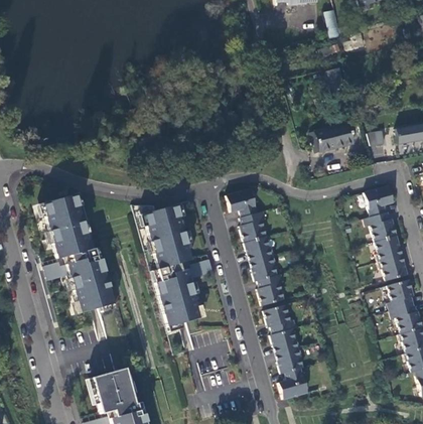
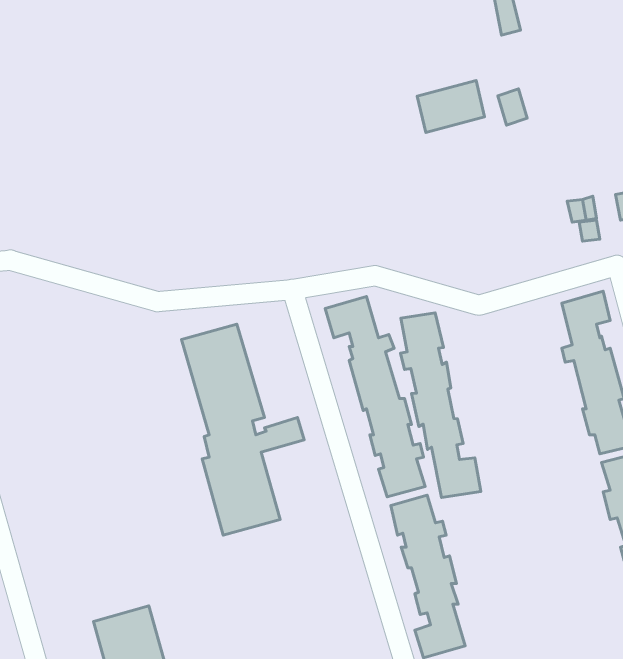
building: [315,123,355,153] -> [417,81,485,132]
building: [47,195,114,313] -> none
building: none -> [401,313,481,497]

